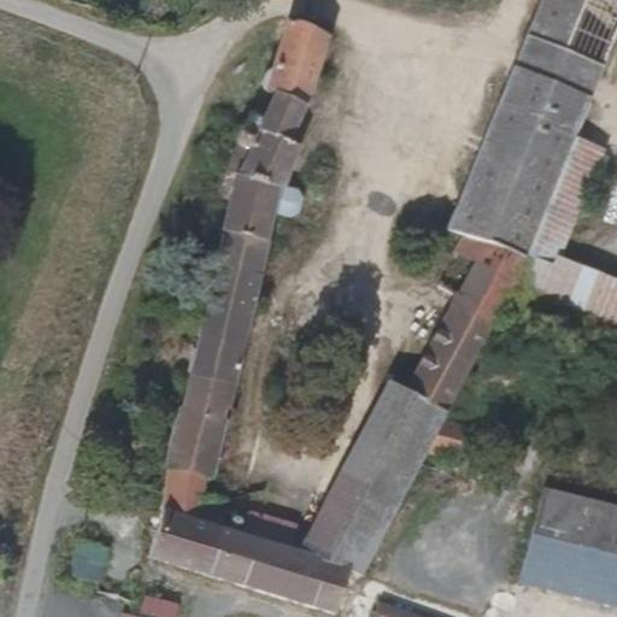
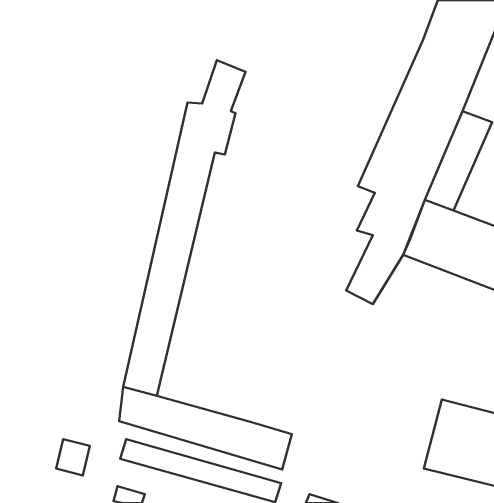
building: [277,12,335,88] -> none
building: [319,347,468,534] -> none

